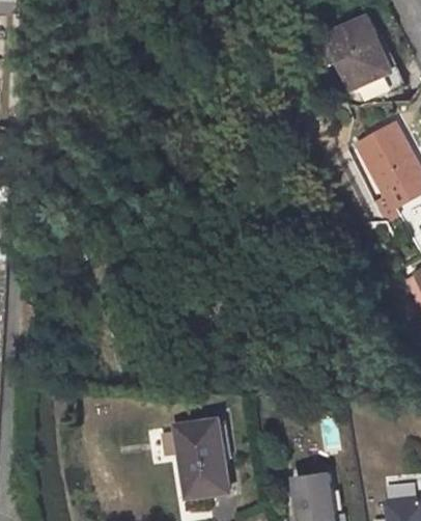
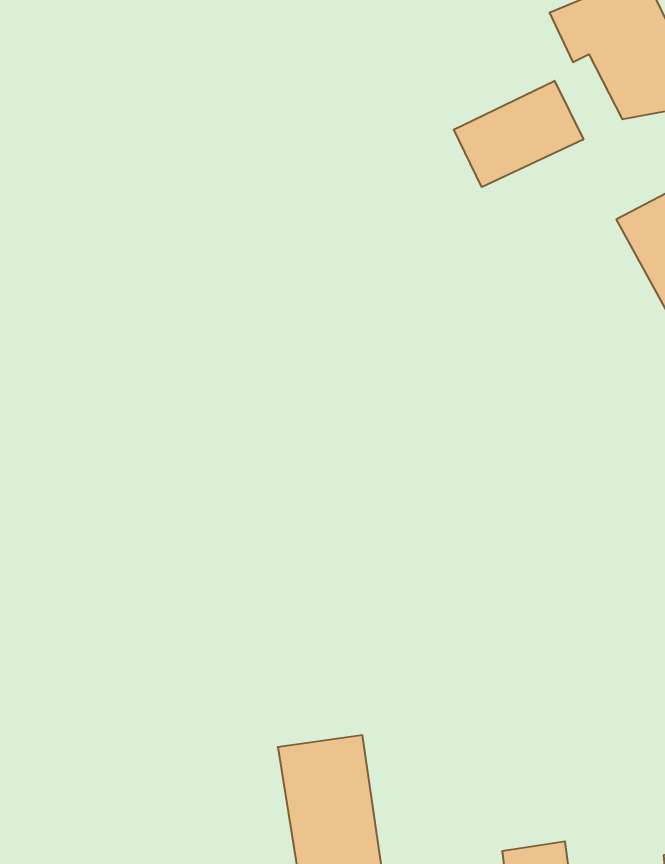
building: none -> [454,81,583,187]

